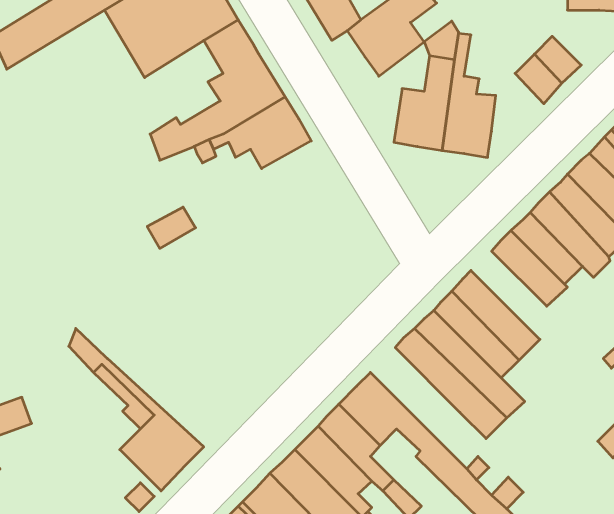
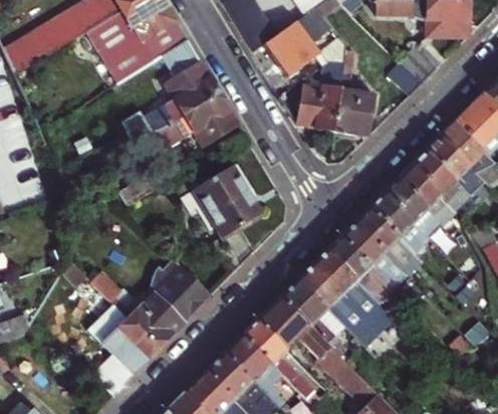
building: none -> [193,169,258,239]
building: none -> [354,206,419,270]
building: none -> [88,259,212,349]
building: none -> [281,276,352,358]

